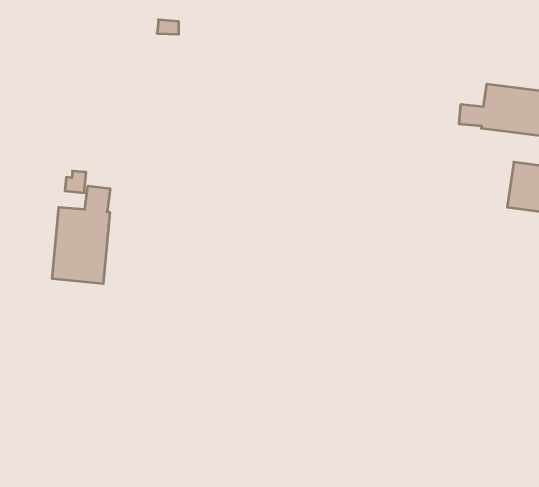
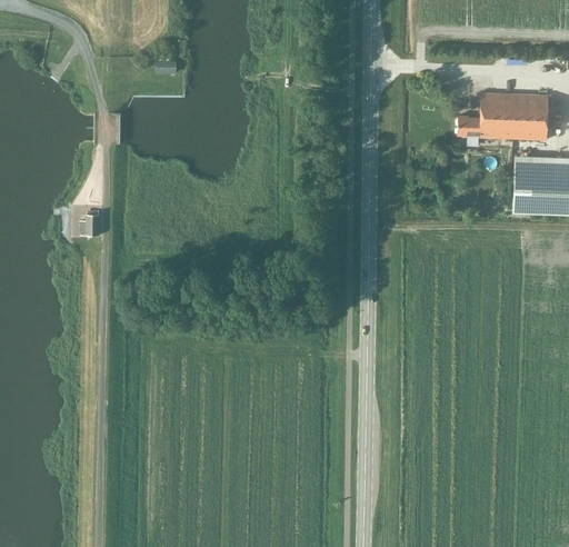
building: [52,186,110,284] -> none

